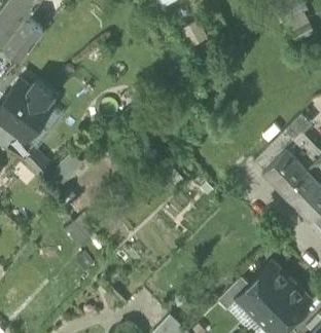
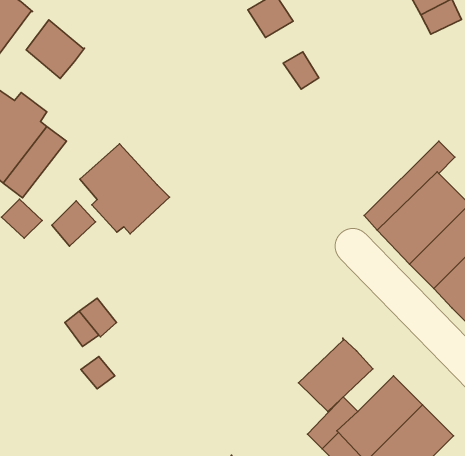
building: none -> [26,20,85,78]
building: none -> [80,144,169,234]
building: none -> [298,338,373,411]

